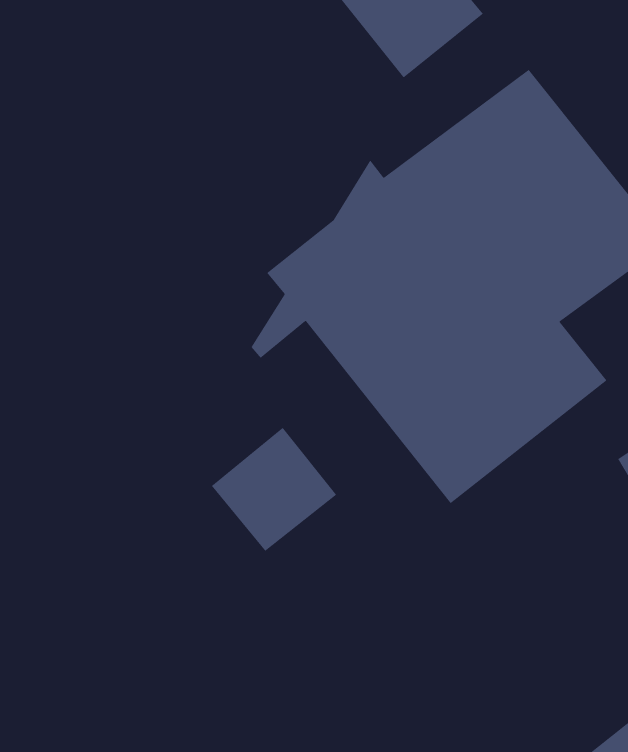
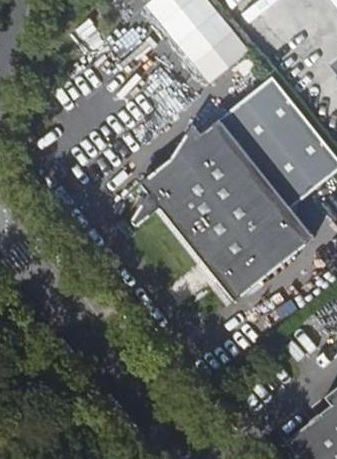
building: [211,427,337,552] -> none

